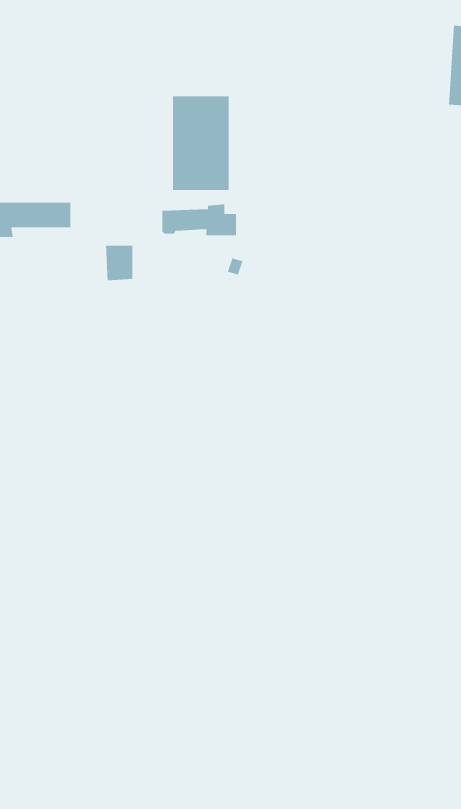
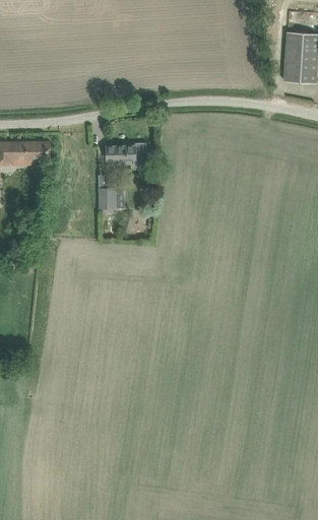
building: [172,96,230,191] -> none
building: [105,245,133,281] -> [97,186,114,208]

